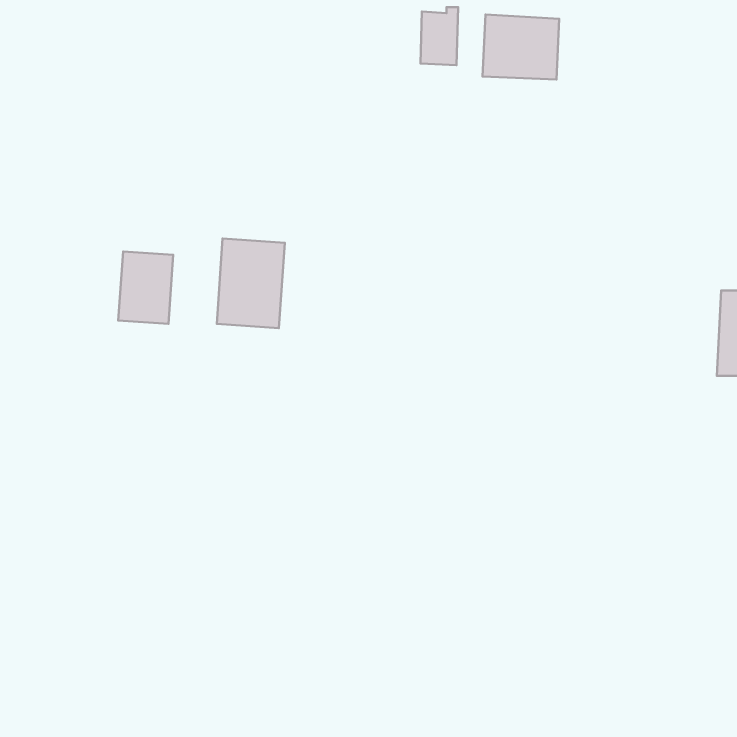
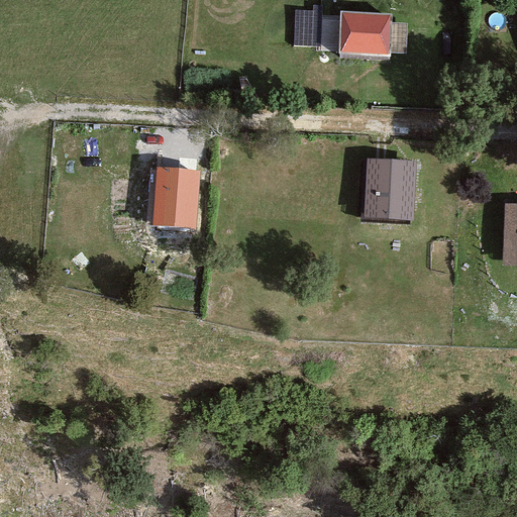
building: none -> [365,158,415,220]
building: [118,251,173,324] -> none

